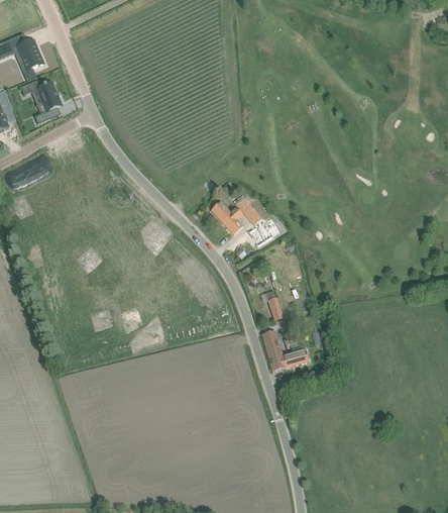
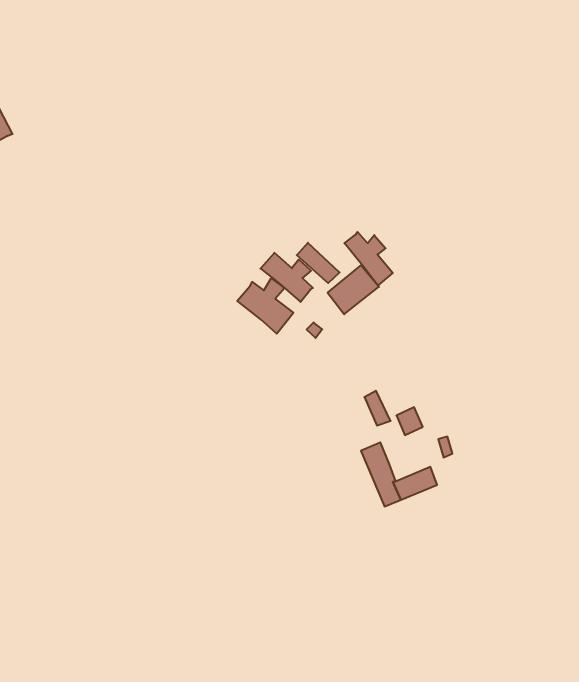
building: none -> [344,232,393,286]
building: none -> [237,278,293,334]

